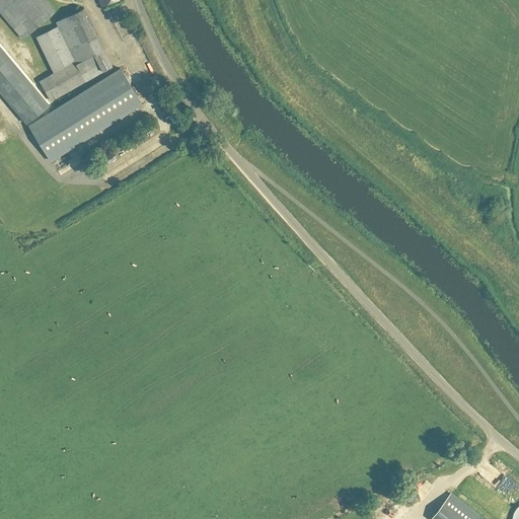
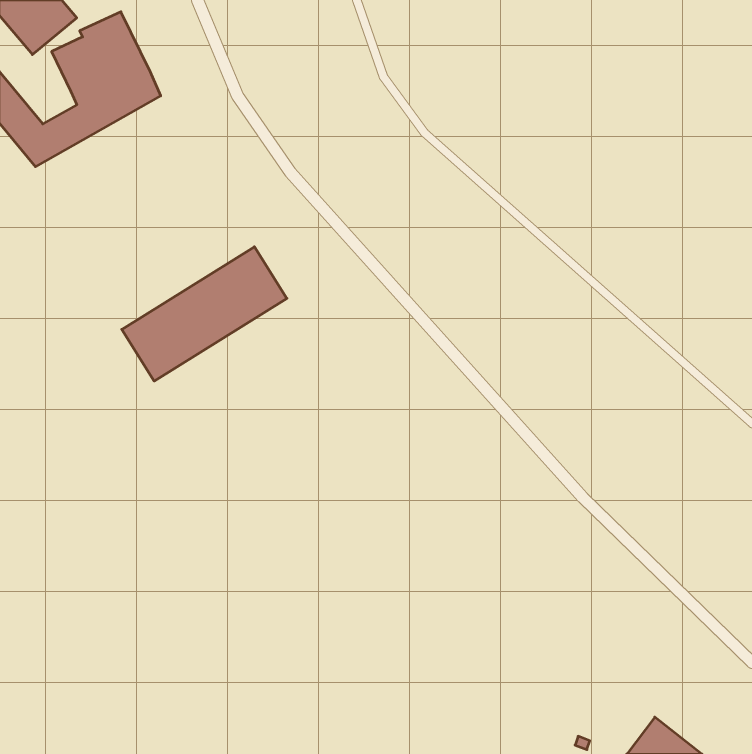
building: [27,68,141,160] -> [122,247,287,381]

